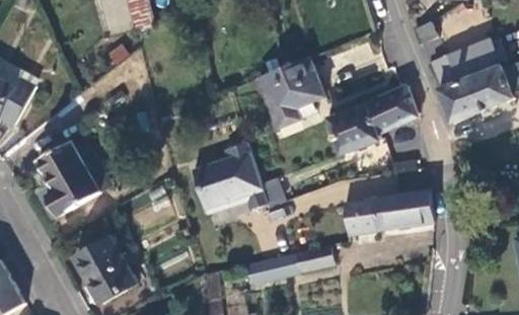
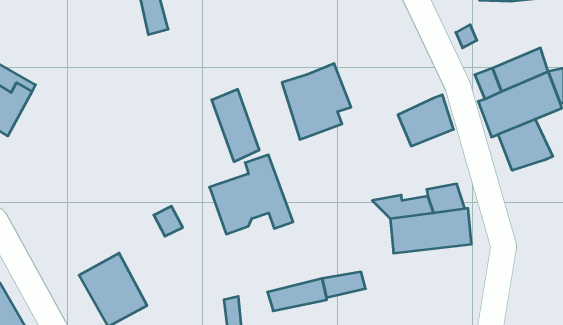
building: none -> [212,89,259,162]
building: [327,107,378,155] -> none
building: none -> [498,119,553,170]
building: [35,130,112,213] -> none

